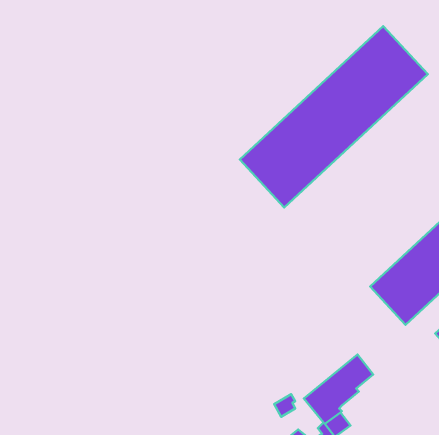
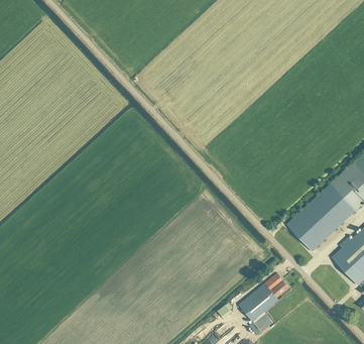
building: [240,26,428,207] -> none

